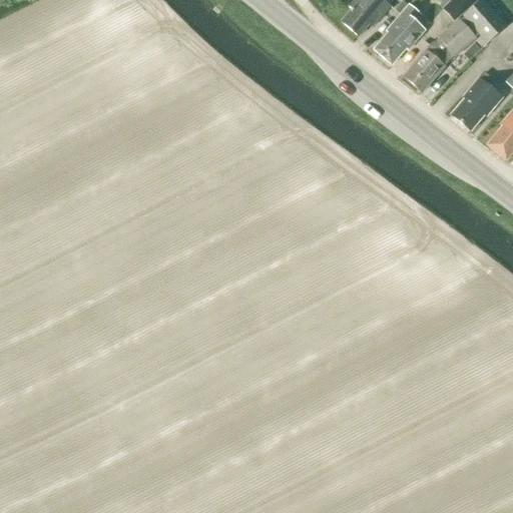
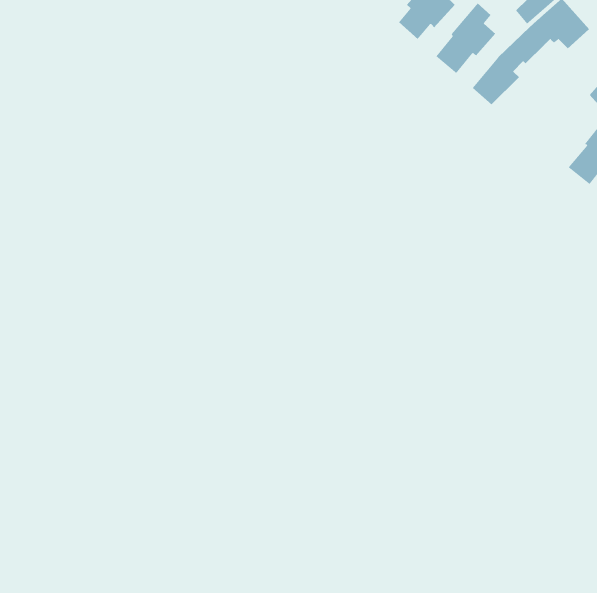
building: [451,71,502,129] -> none

